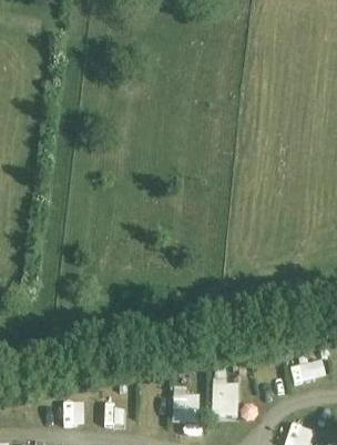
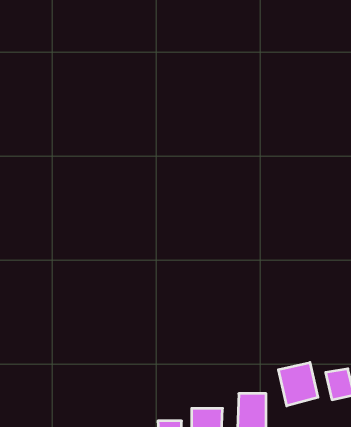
building: none -> [278,362,318,406]

